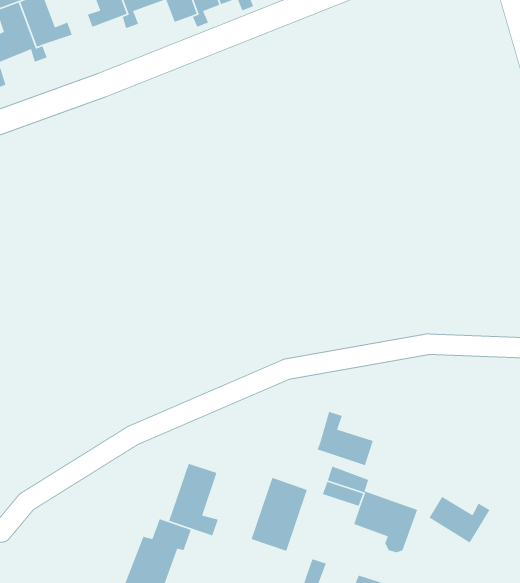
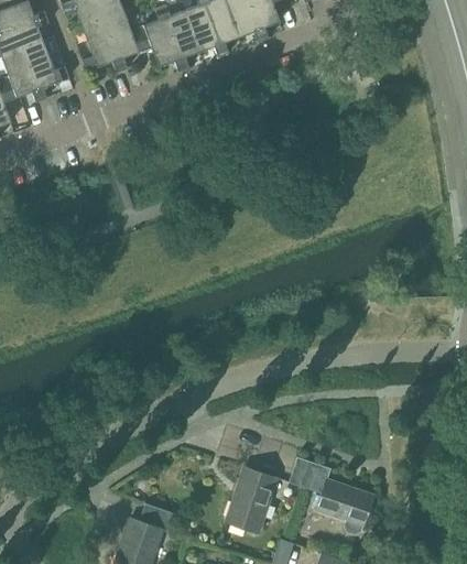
building: [317,411,374,466] -> none
building: [168,463,219,537] -> none
building: [429,496,491,543] -> none

